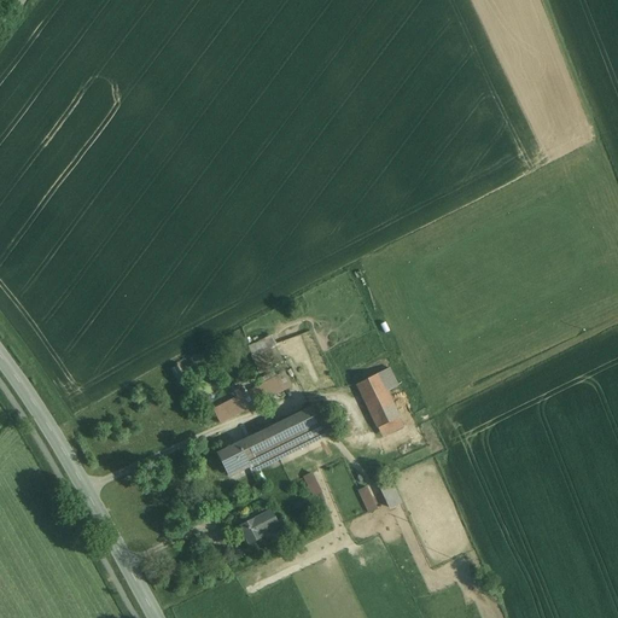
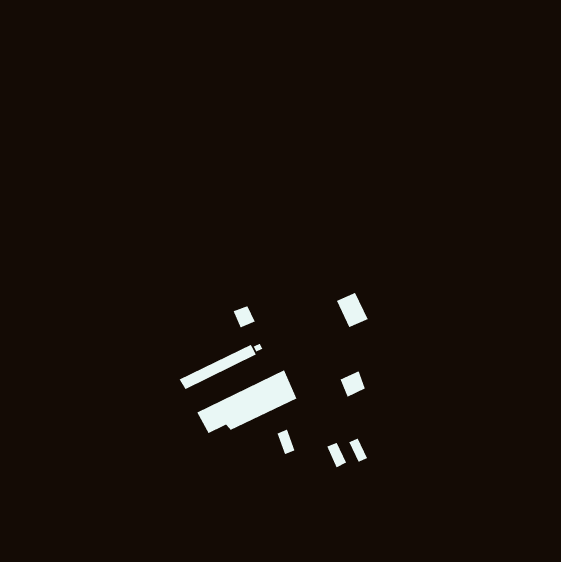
building: [357,375,393,415] -> [336,292,369,328]
building: [238,511,275,542] -> none

